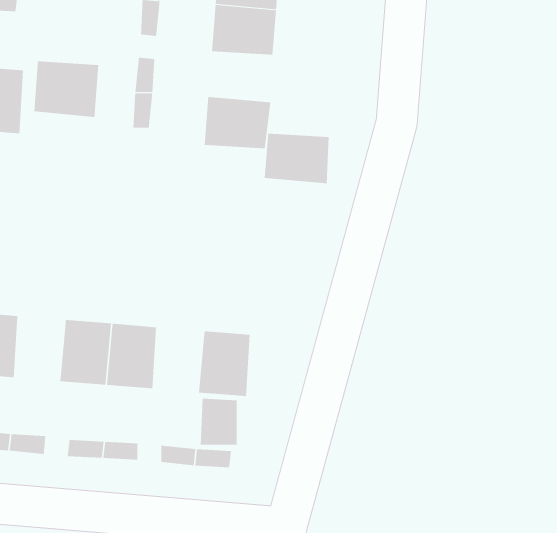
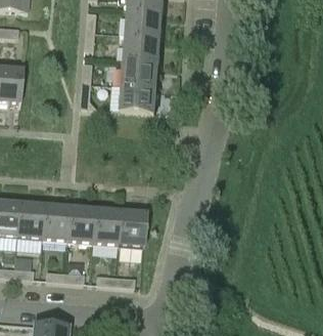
building: [34,61,99,118] -> none
building: [264,133,329,184] -> [122,57,157,85]
building: none -> [16,202,44,238]
building: none -> [92,208,120,244]

